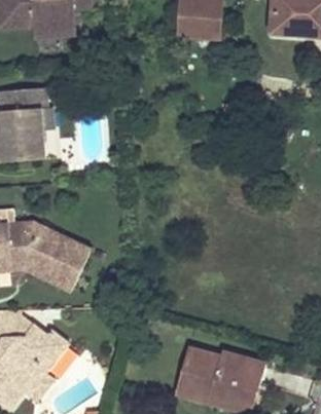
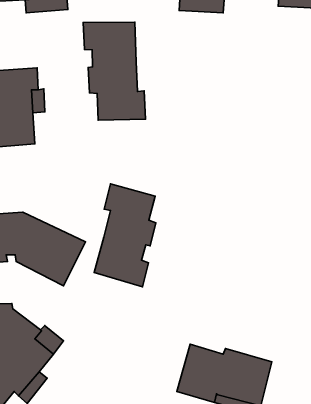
building: none -> [83,22,145,120]
building: none -> [94,184,156,287]

